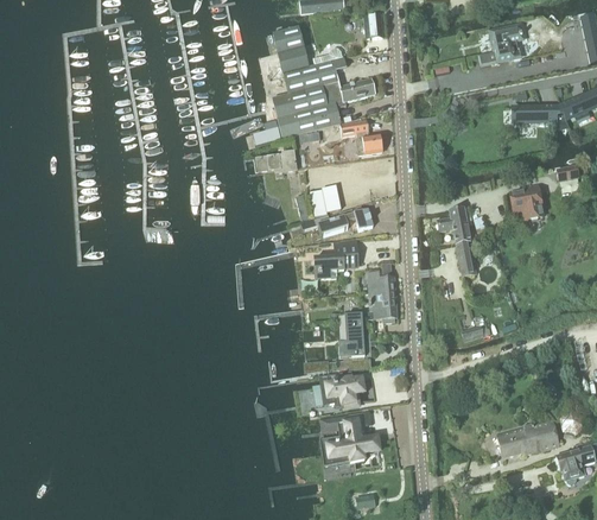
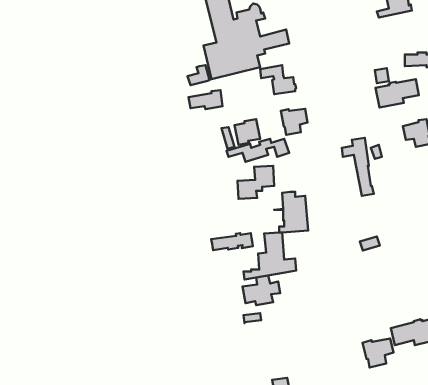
building: none -> [375,79,419,108]
building: none -> [281,109,307,135]
building: none -> [211,233,253,250]
building: [328,414,379,464] -> none
building: none -> [362,338,393,367]

